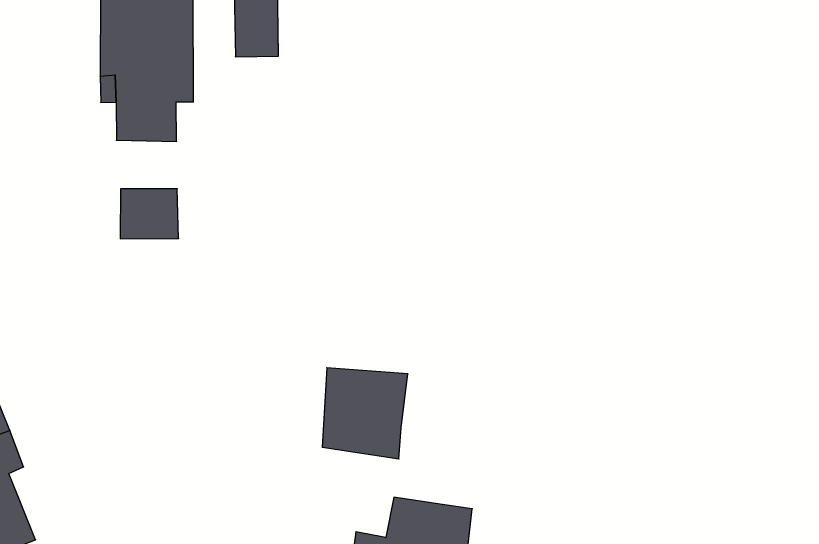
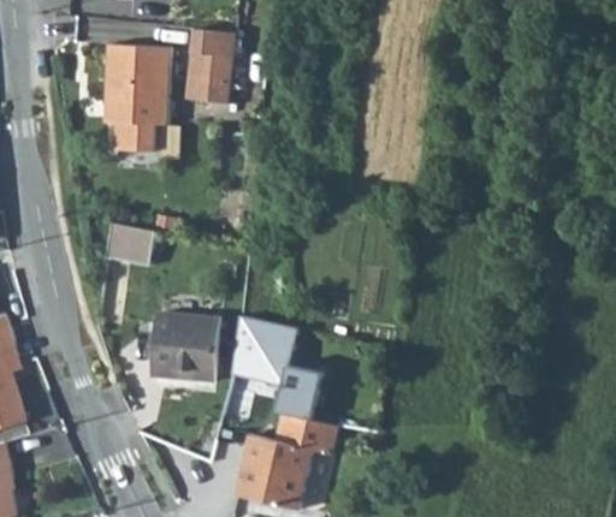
building: [120,189,179,239] -> [102,230,146,268]
building: none -> [158,315,219,376]
building: none -> [279,368,322,424]

